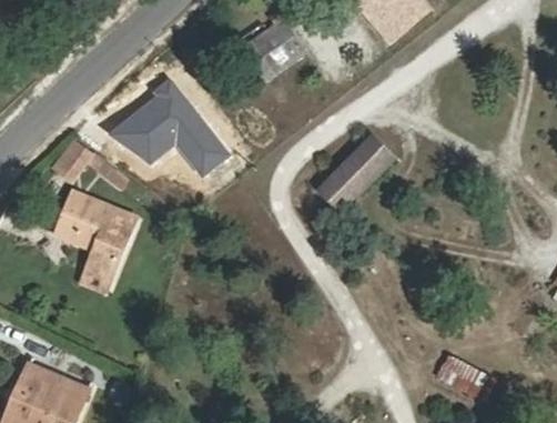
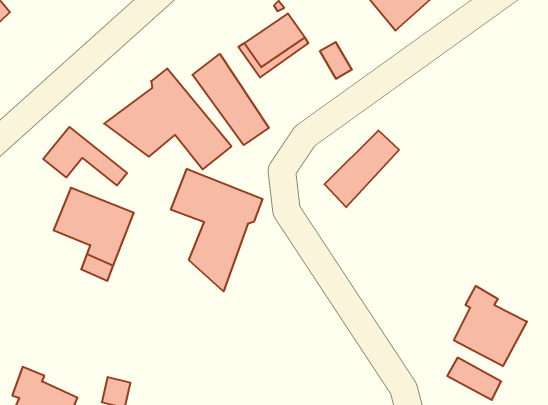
building: none -> [192,54,269,145]
building: none -> [171,169,263,291]
building: none -> [454,286,527,366]

